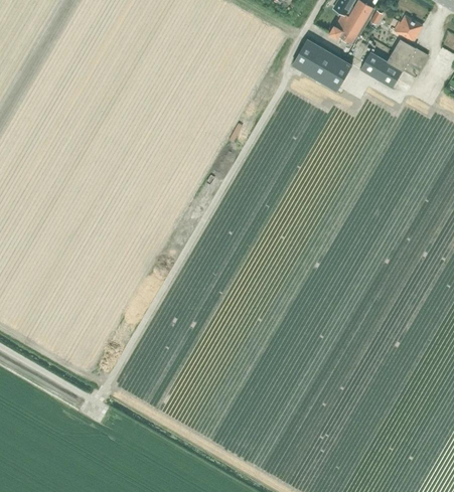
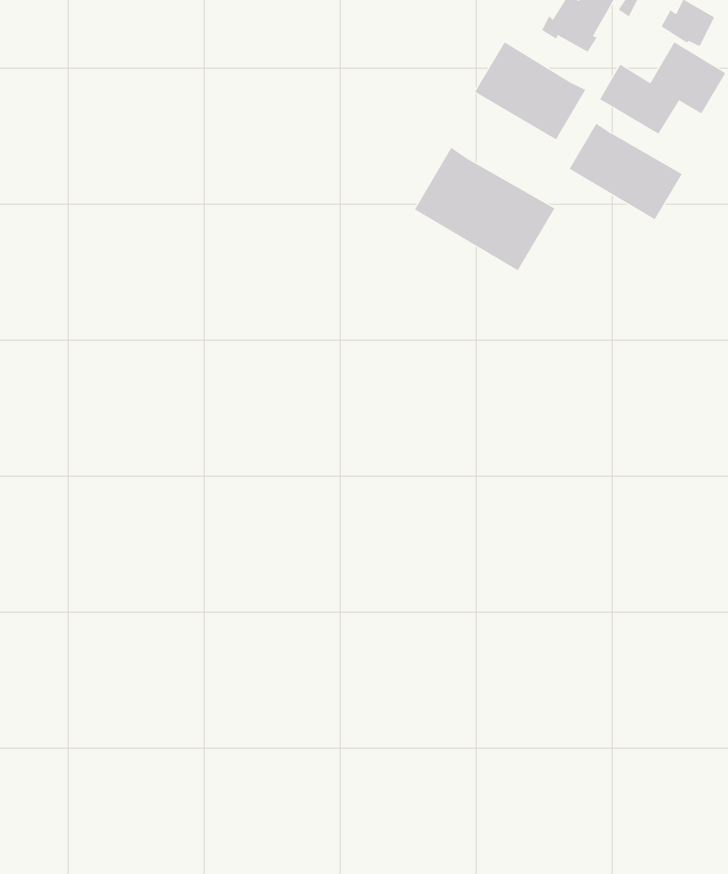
building: none -> [569,123,682,220]
building: none -> [414,147,555,271]

